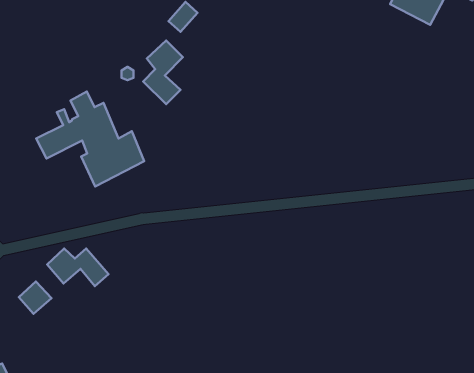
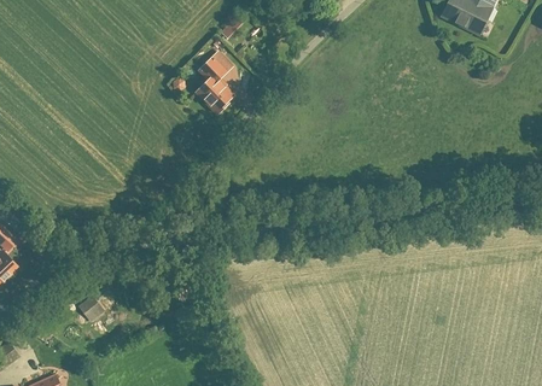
building: [36,91,144,187] -> none
building: [47,249,108,286] -> none

